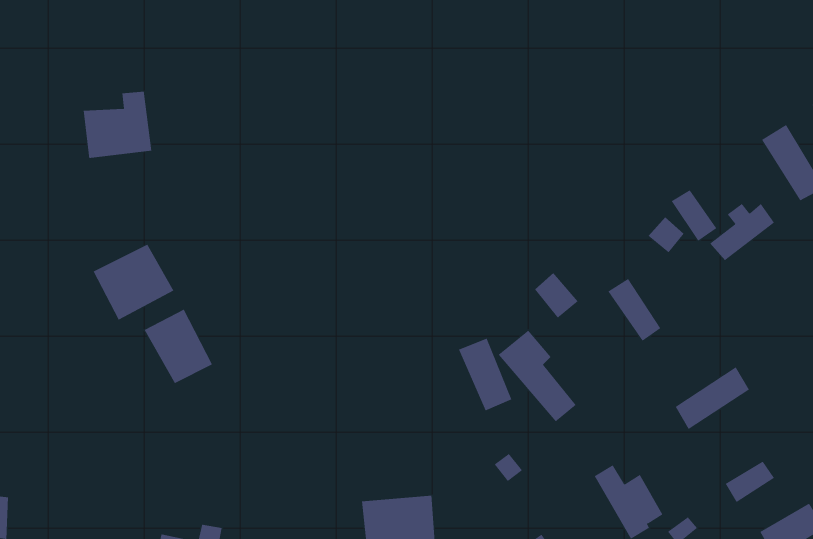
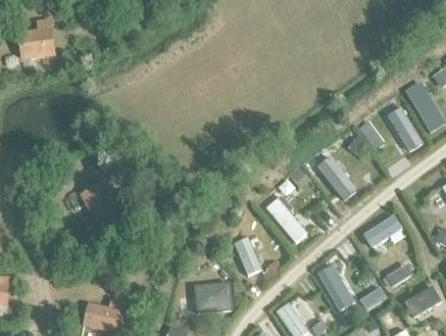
building: [83,91,152,158] -> [16,23,53,59]
building: [93,244,174,320] -> none
building: [458,338,512,411] -> [234,236,262,275]

